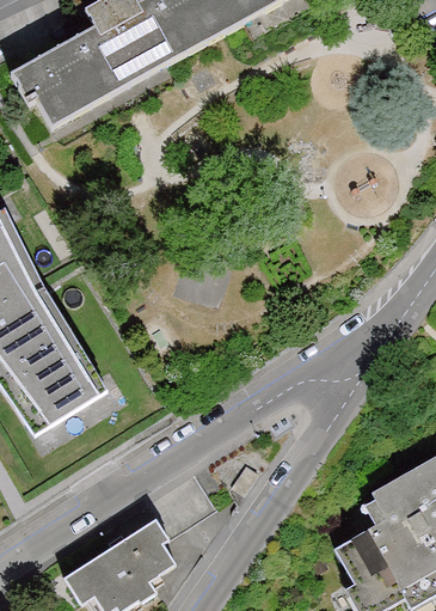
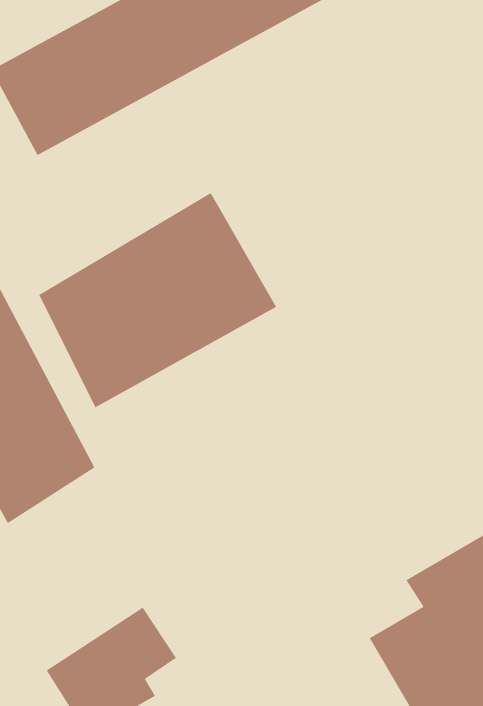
building: none -> [38,192,277,408]

